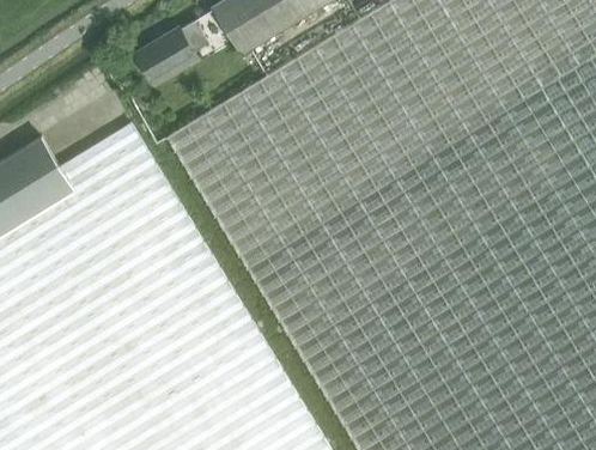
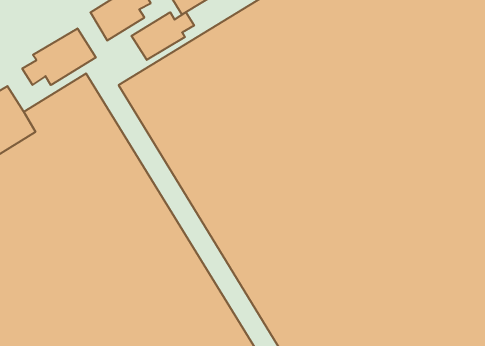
building: none -> [132,12,194,60]
building: none -> [22,28,96,85]

